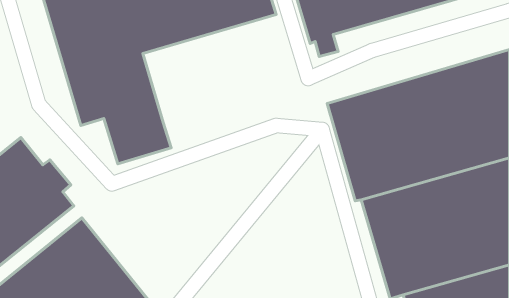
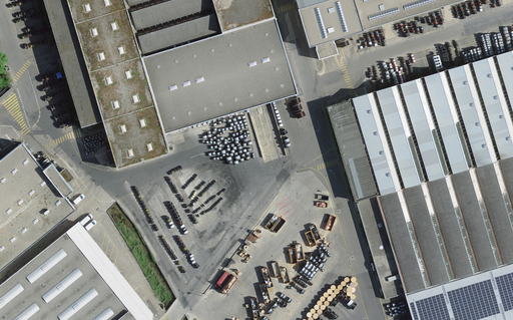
building: none -> [143,17,300,125]

